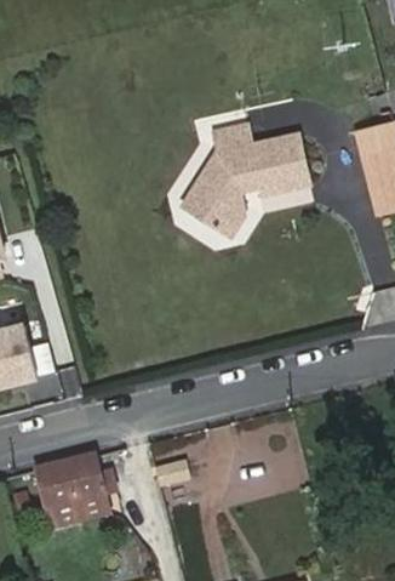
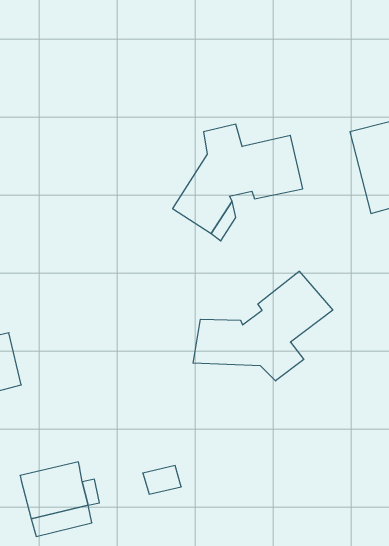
building: none -> [193,271,333,381]

